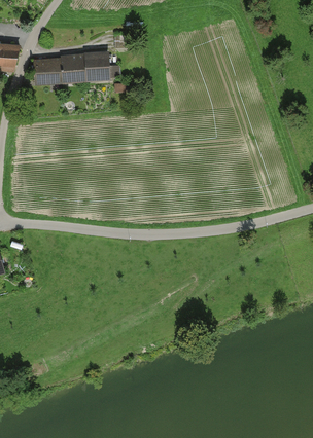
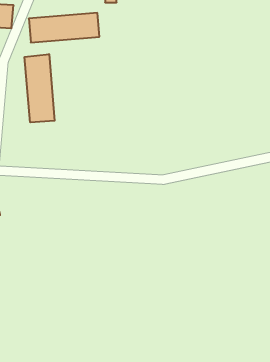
building: none -> [25,54,55,122]

